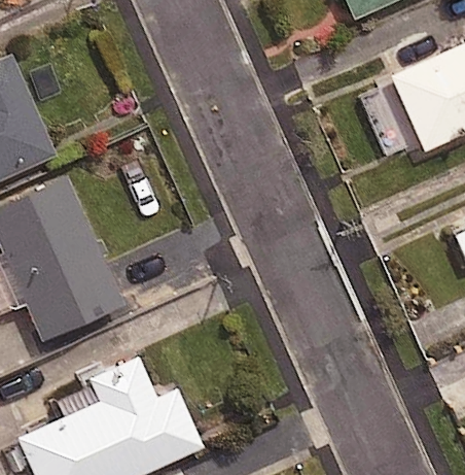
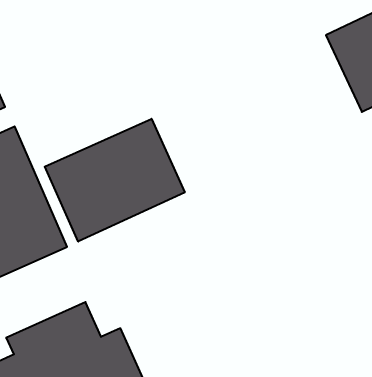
building: none -> [45,119,185,242]

